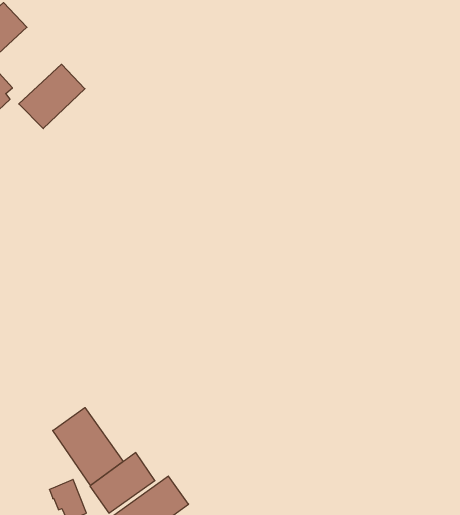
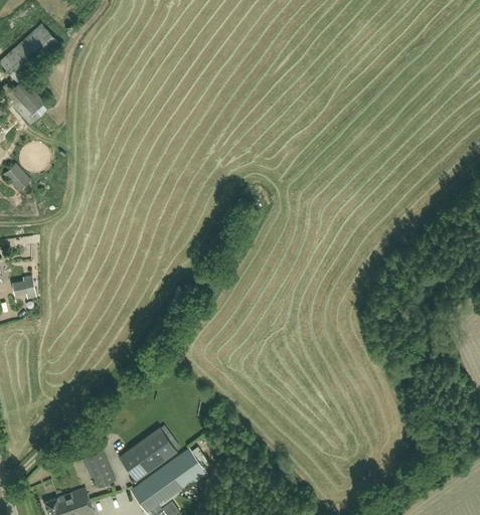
building: [19,64,85,129] -> none
building: [53,408,123,486] -> none

